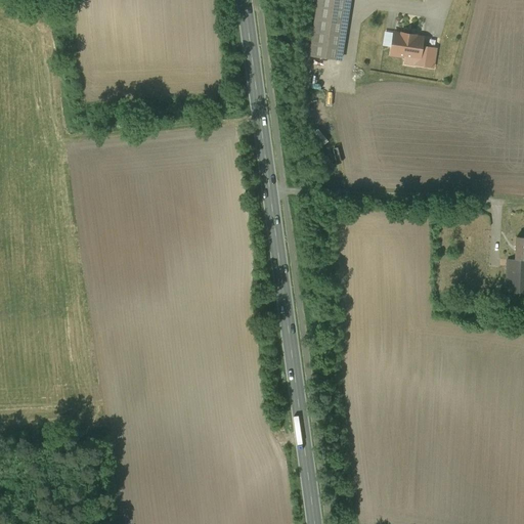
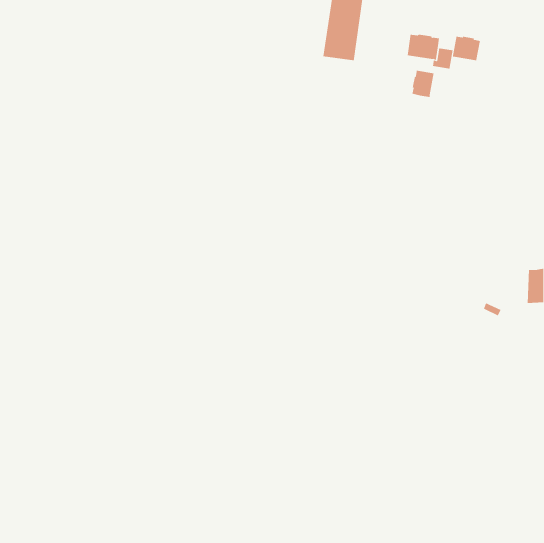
building: none -> [452,36,480,61]
building: none -> [412,70,434,98]

